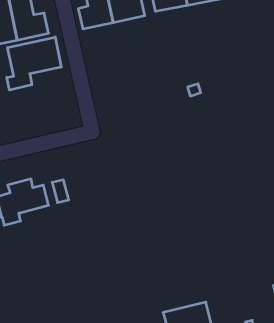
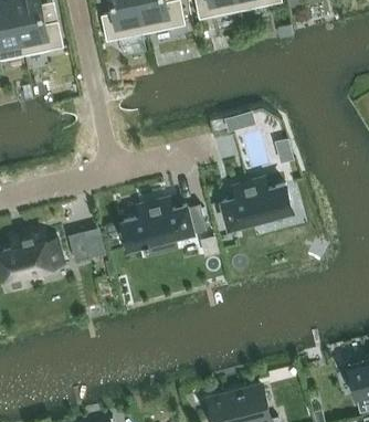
building: [7,37,61,90] -> none
building: none -> [223,178,293,226]
building: none -> [119,198,207,249]

